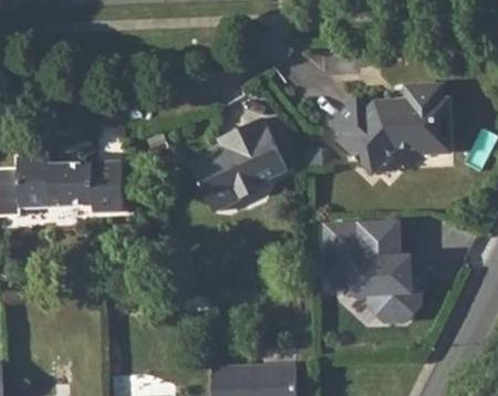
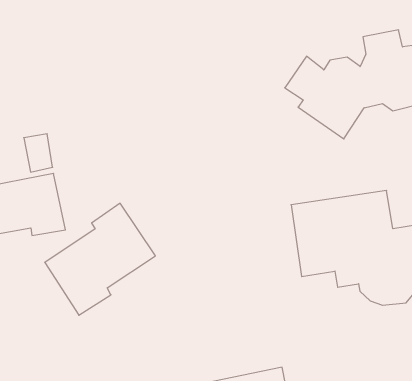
building: [190,118,288,210] -> [45,203,155,315]

